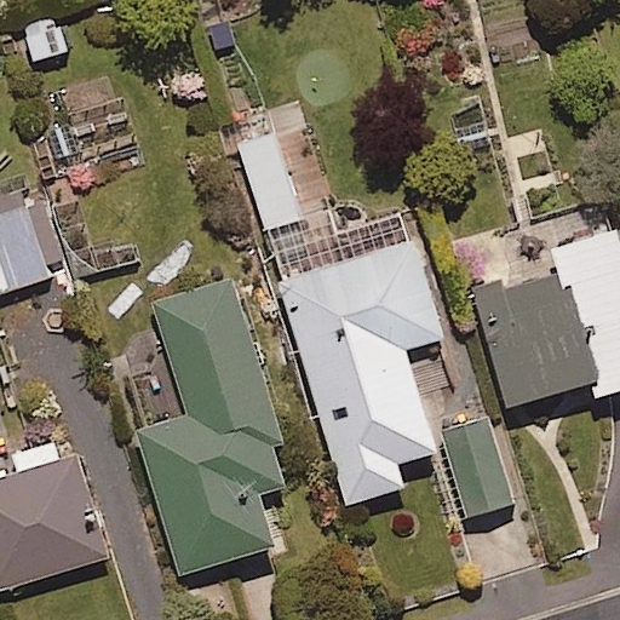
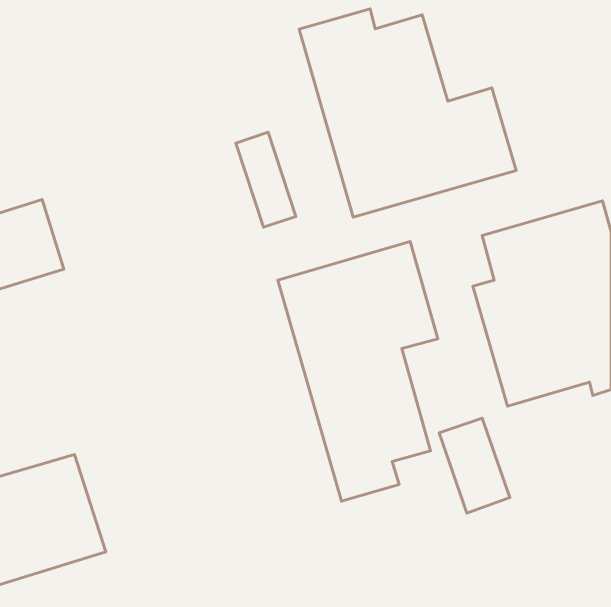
building: none -> [299,9,516,217]
building: [139,283,291,574] -> none

